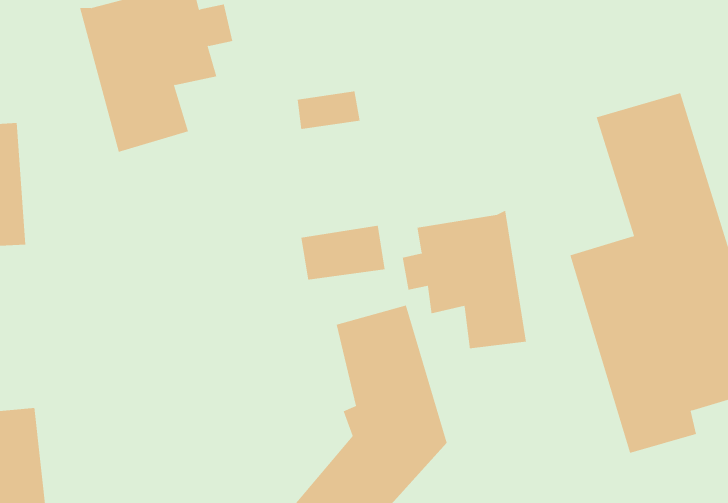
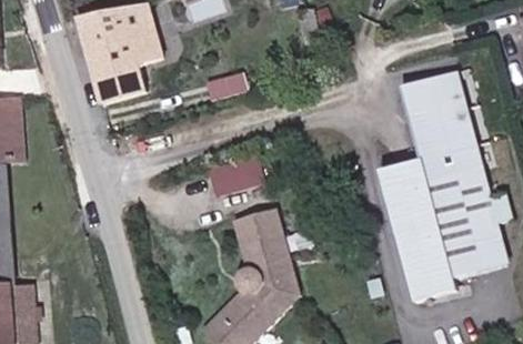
building: [402,210,526,349] -> none

